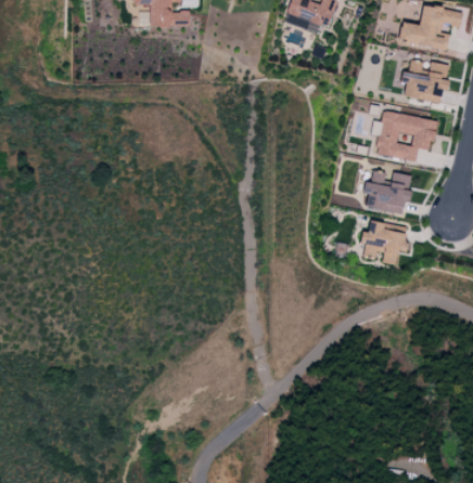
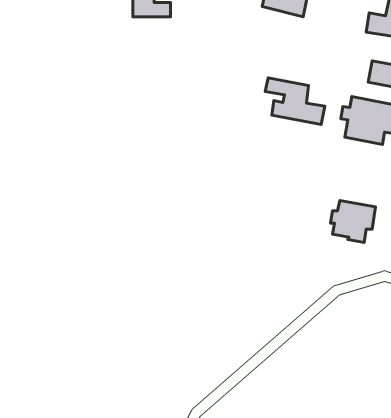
building: none -> [265,78,325,125]
building: [366,169,412,213] -> none

